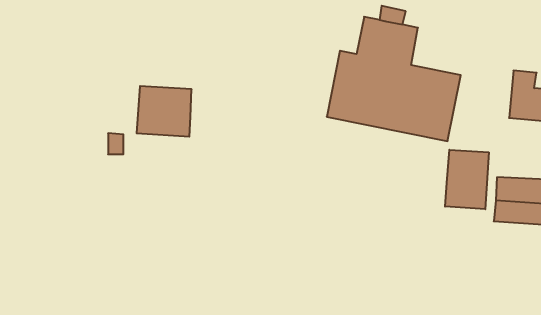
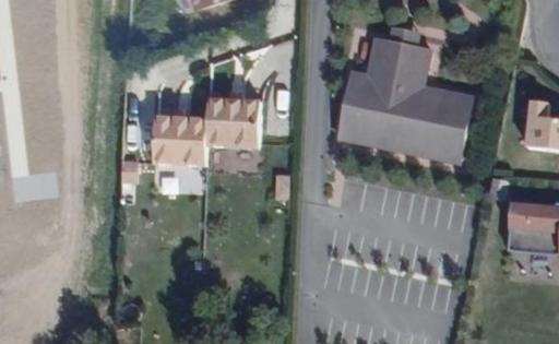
building: none -> [204,94,259,146]
building: [445,150,489,209] -> none

